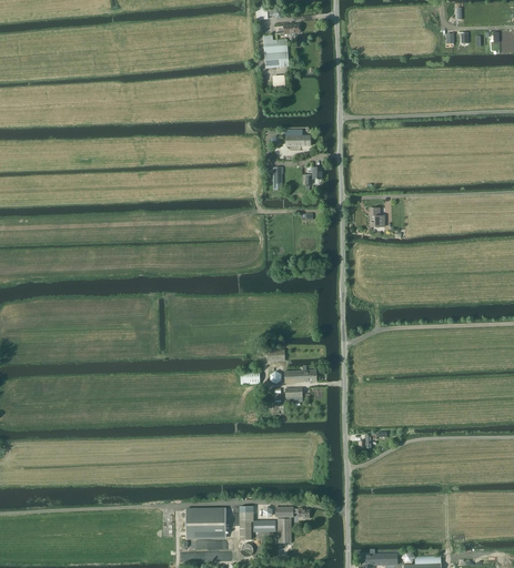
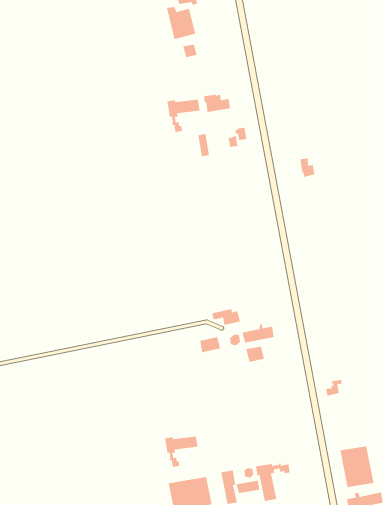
building: none -> [167,99,200,133]
building: none -> [165,436,198,468]
building: none -> [340,446,374,488]

